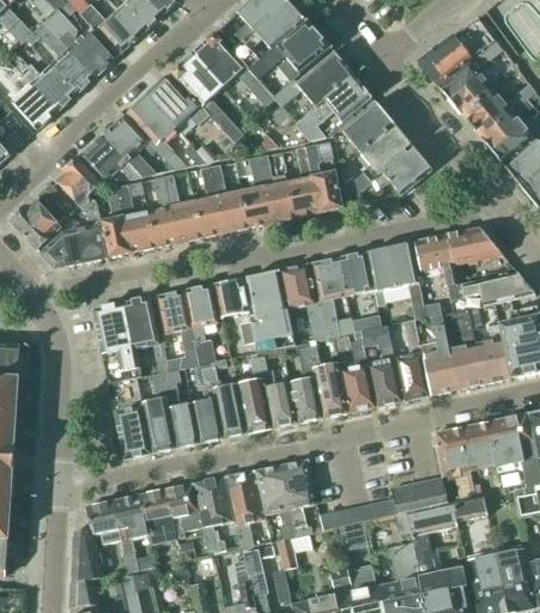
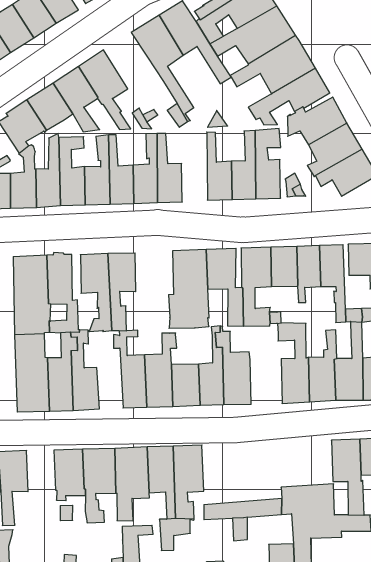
building: [146,75,210,127] -> none
building: [235,156,272,227] -> none
building: [214,278,249,316] -> none
building: [340,339,378,412] -> none
building: [193,363,225,442] -> none
building: [139,490,176,544] -> none

